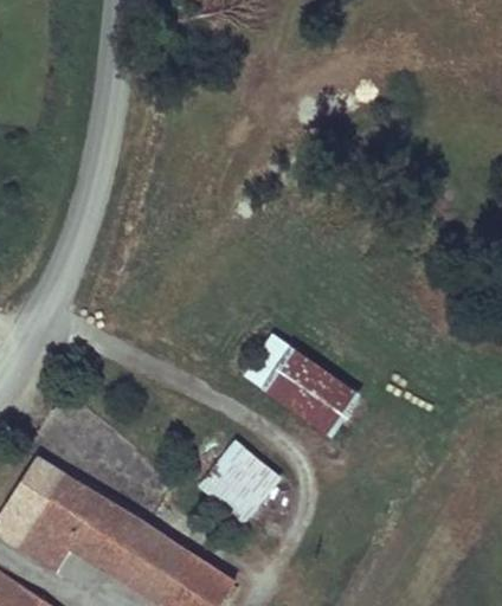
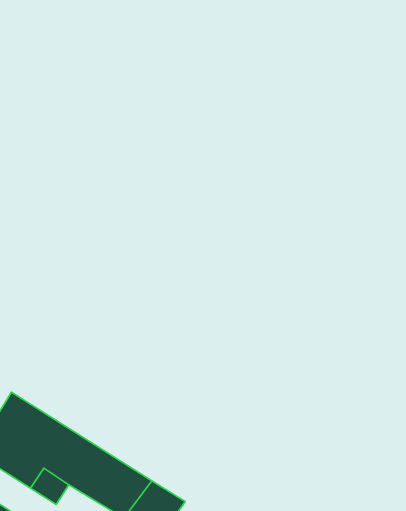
building: [265,347,355,430] -> none
building: [197,437,282,521] -> none

